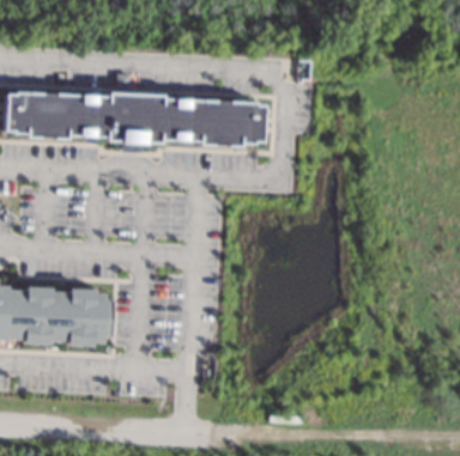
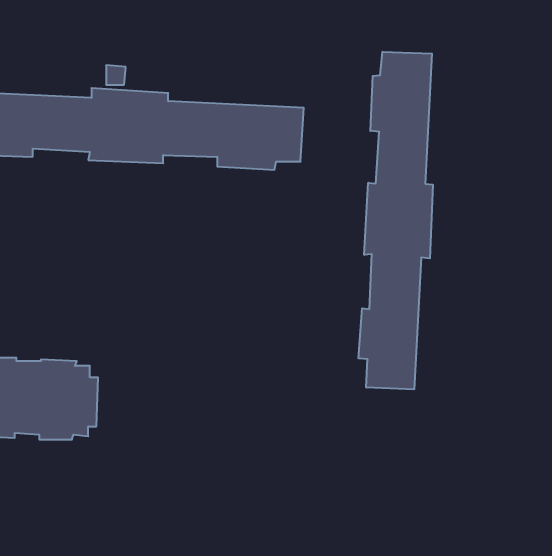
building: none -> [359,52,433,389]

